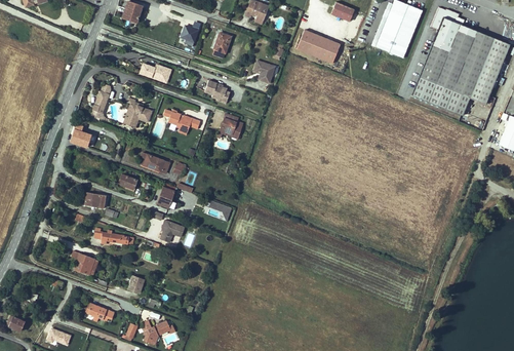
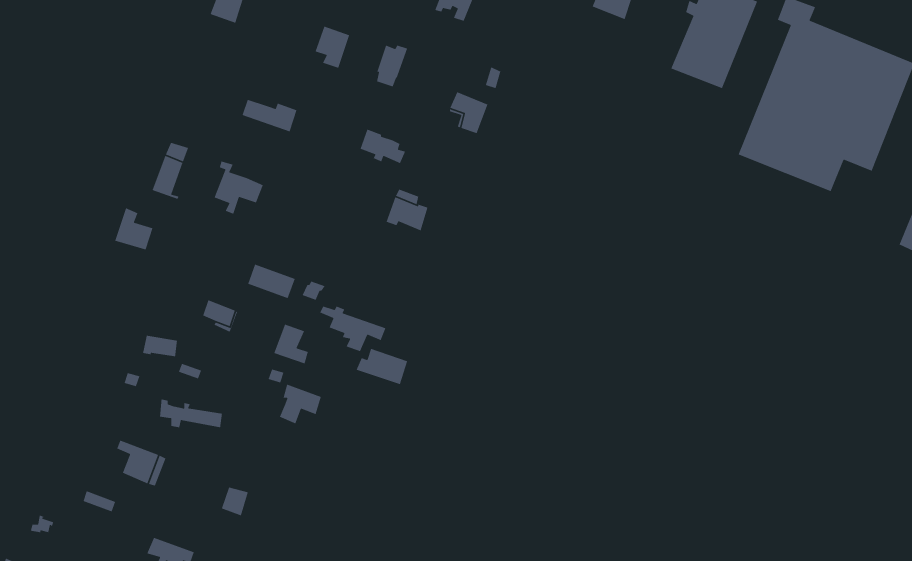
building: [296,30,340,63] -> none
building: [163,109,200,134] -> [319,306,387,352]

